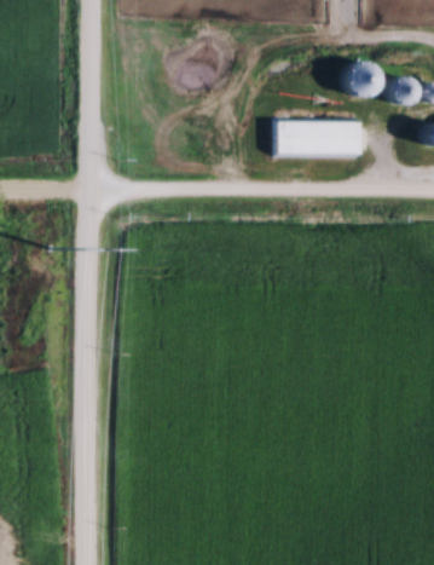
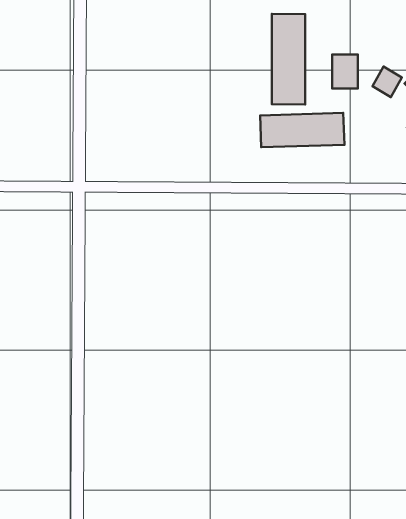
building: none -> [272,14,305,105]

